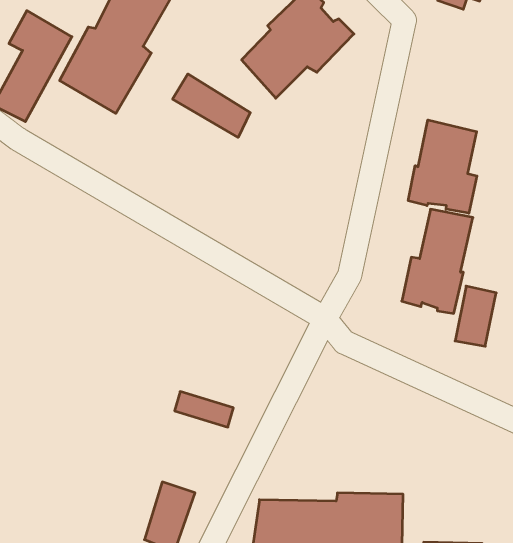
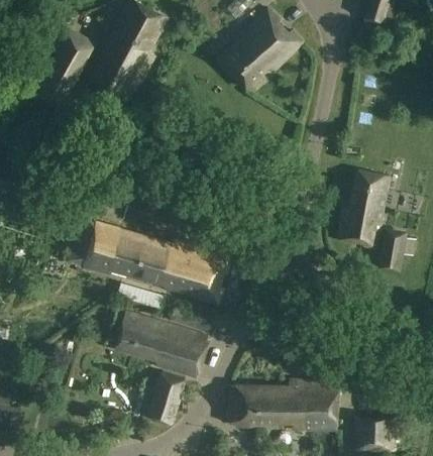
building: [173,74,250,137] -> none
building: [408,120,477,213] -> none
building: none -> [66,217,229,303]
building: none -> [115,312,207,376]

